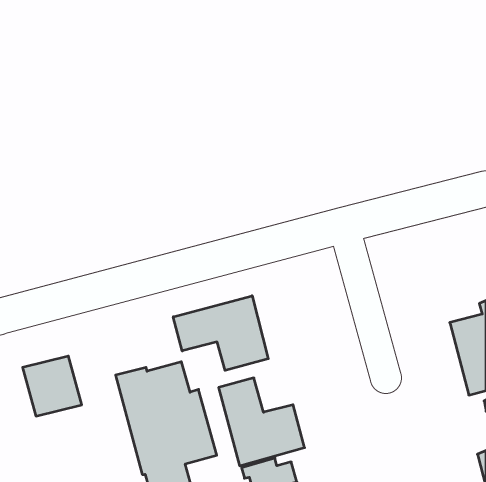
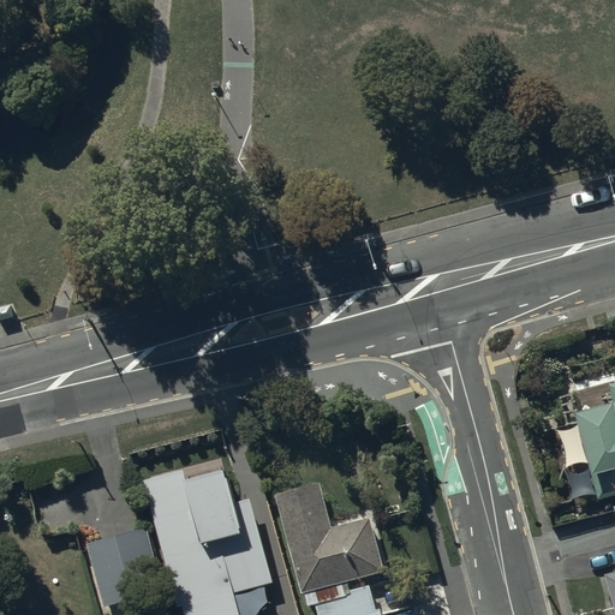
building: [173,296,268,370] -> none
building: [23,356,82,416] -> [88,531,162,607]

